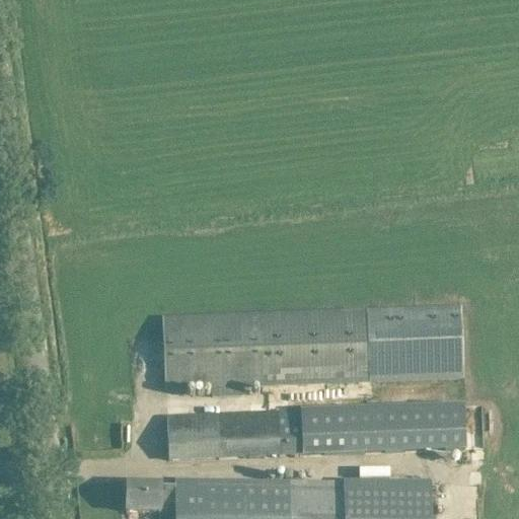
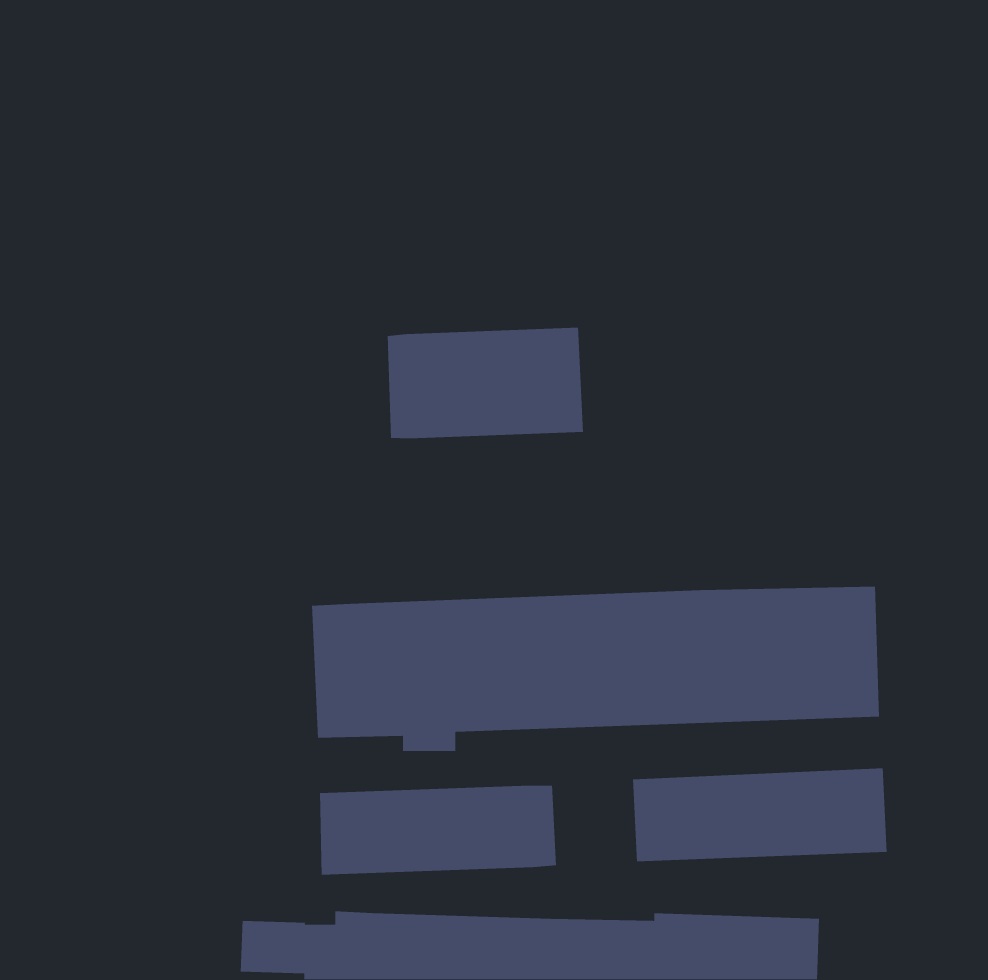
building: none -> [387,327,584,439]
building: [290,409,333,454] -> none

